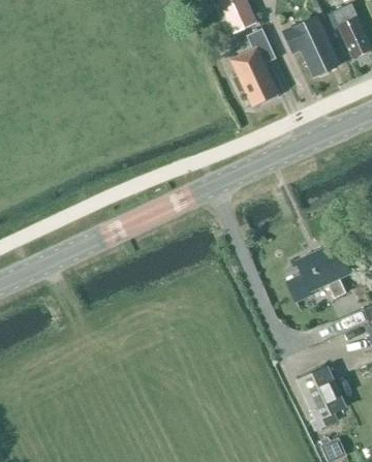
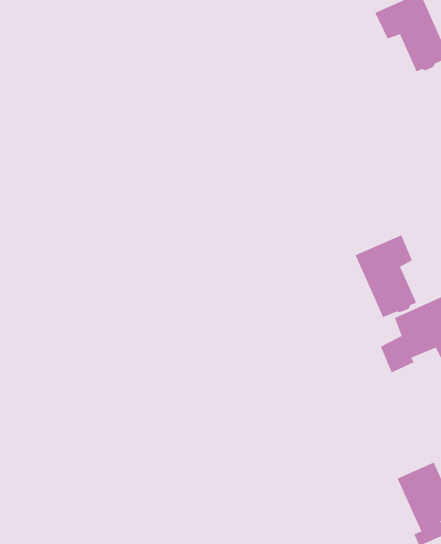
building: [231,28,278,105] -> none
building: none -> [355,235,417,318]

